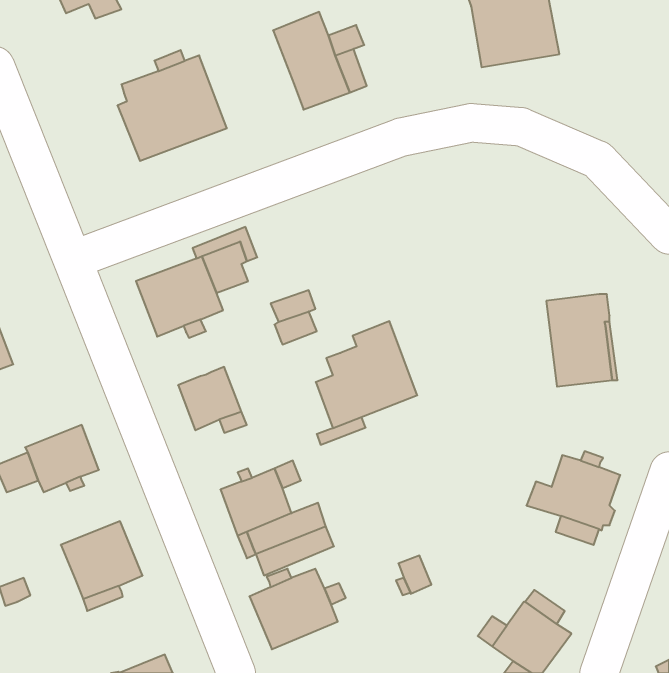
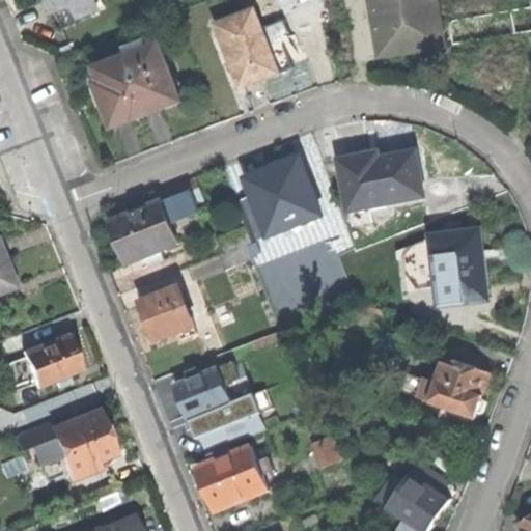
building: none -> [338,153,420,208]
building: [316,321,417,428] -> [242,153,322,237]
building: none -> [10,421,59,465]

